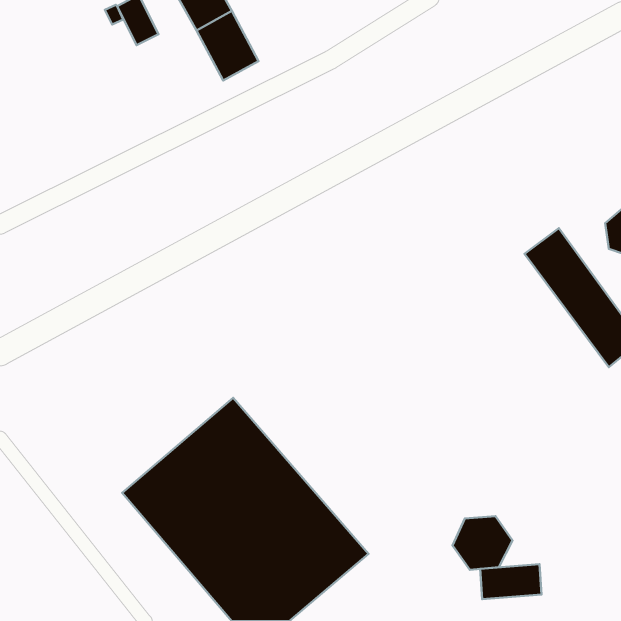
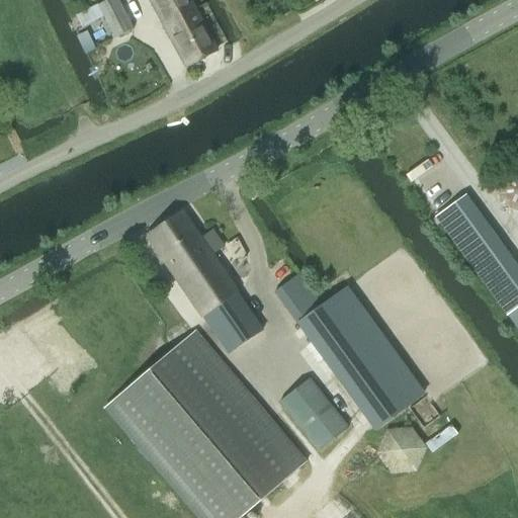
building: none -> [147,210,263,352]
building: none -> [275,273,419,427]
building: none -> [282,383,347,451]
building: [480,564,542,599] -> none

